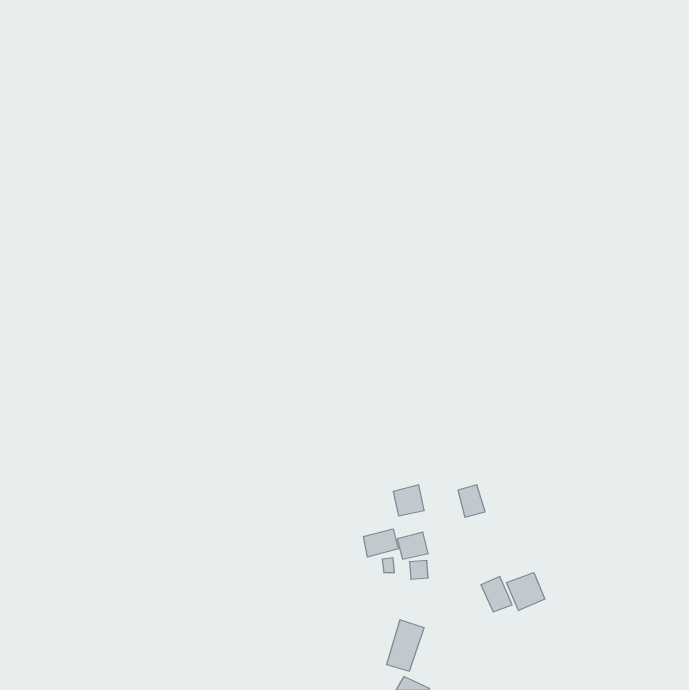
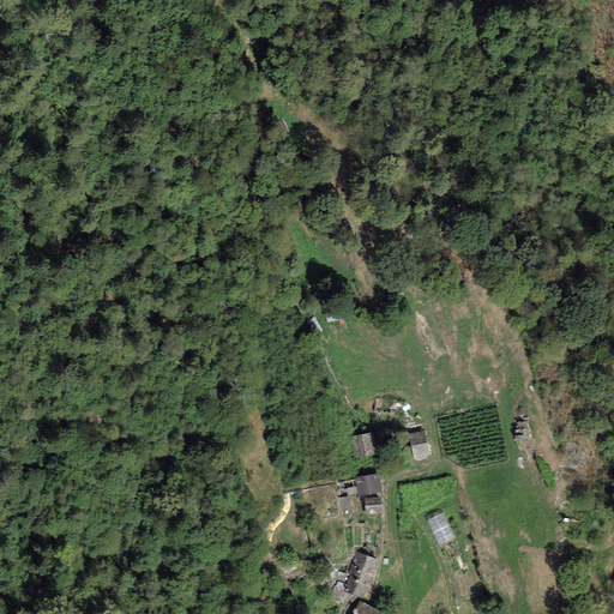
building: [364,529,398,557] -> none
building: [506,573,545,611] -> none

